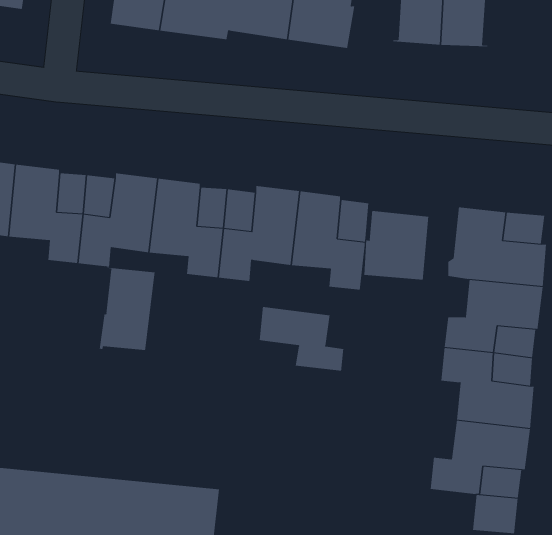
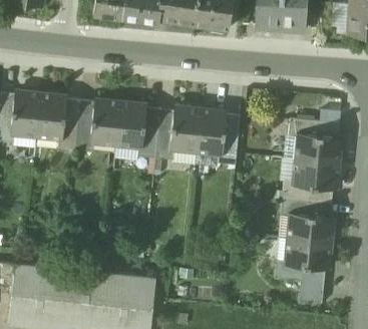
building: [364,210,429,280] -> none
building: [99,267,155,351] -> none
building: [259,306,344,372] -> none

